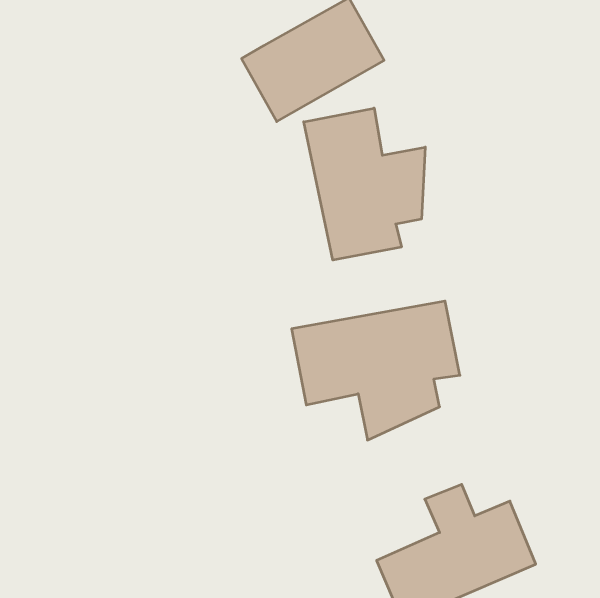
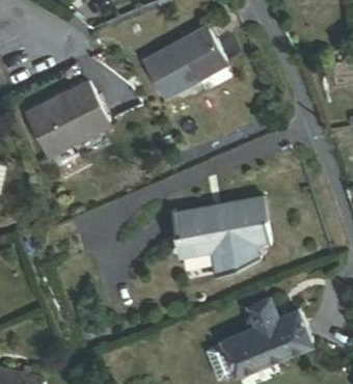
building: none -> [30,83,110,155]
building: [304,108,425,260] -> none

